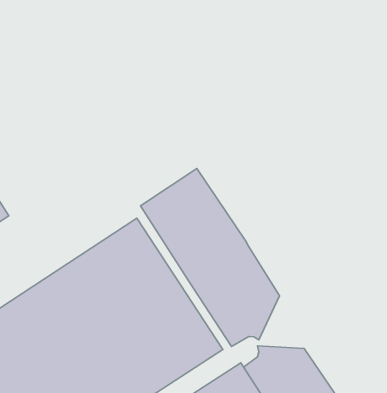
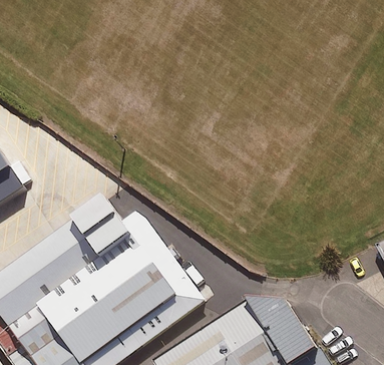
building: [140,169,279,346] -> none

